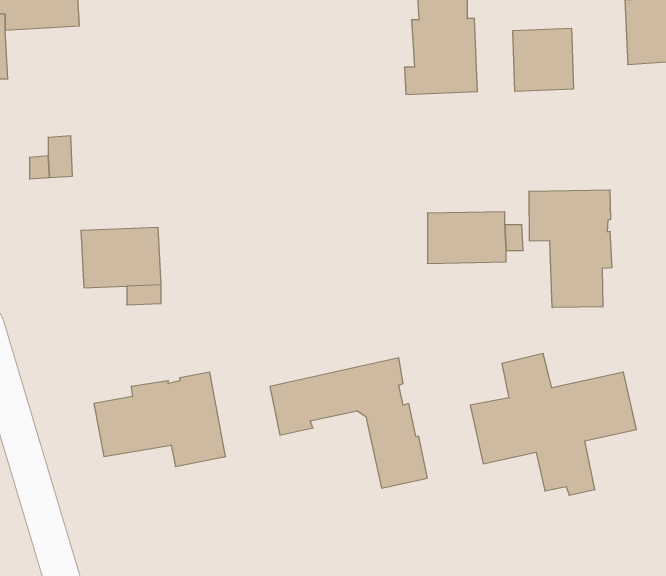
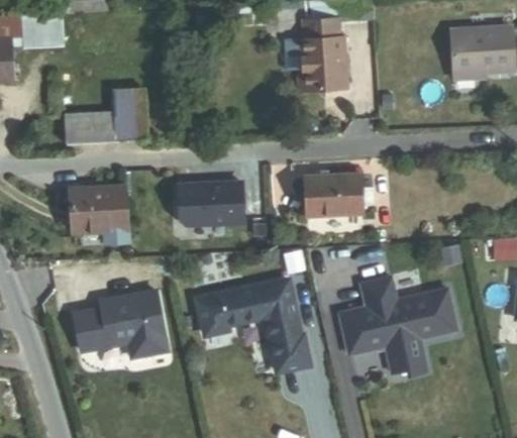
building: [513,28,573,91] -> none
building: none -> [65,89,147,144]
building: [529,190,612,308] -> none
building: none -> [184,182,249,225]

